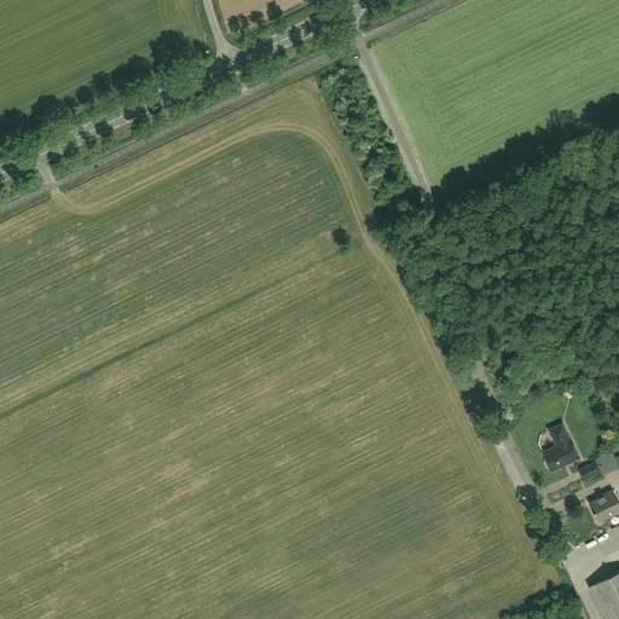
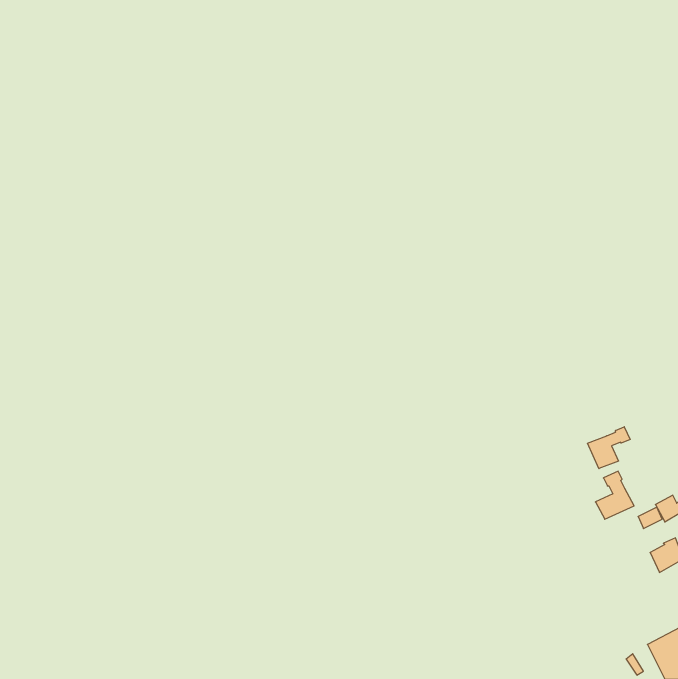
building: none -> [587,427,630,469]

